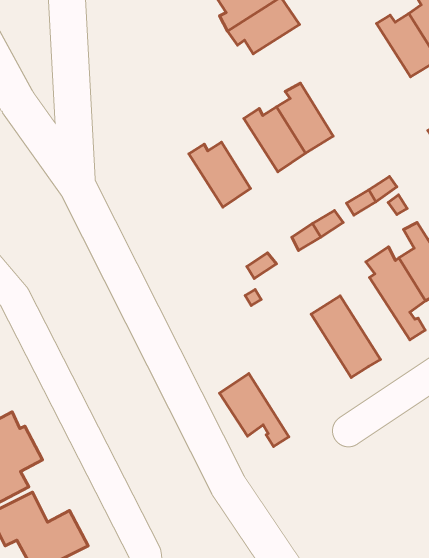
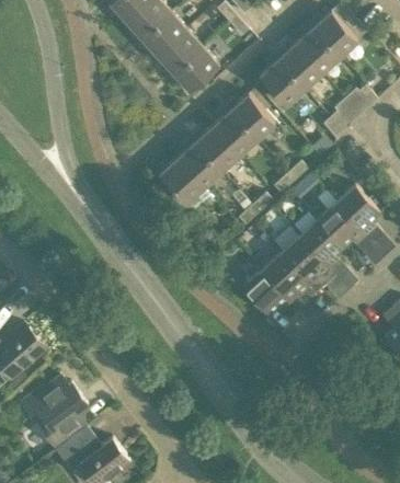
building: none -> [260,55,305,105]
building: none -> [227,94,275,140]
building: none -> [178,138,221,187]
building: none -> [281,237,335,294]
building: [219,373,289,447] -> [243,269,298,319]

